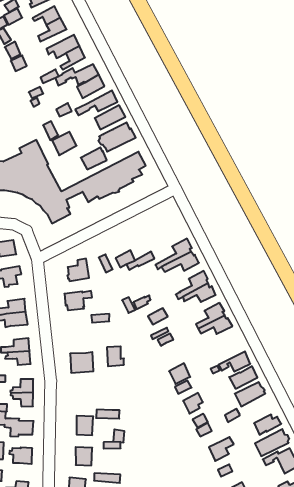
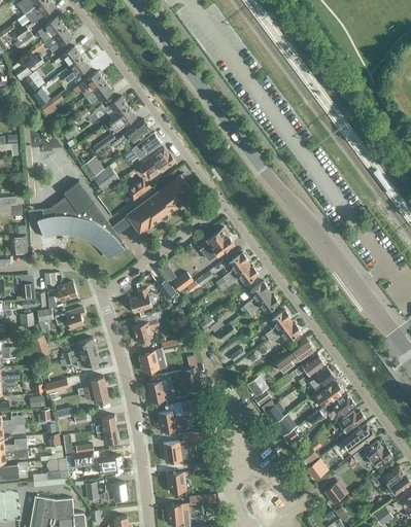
building: none -> [198,227,234,260]
building: none -> [139,349,165,373]
building: none -> [274,339,315,374]
building: none -> [158,400,197,436]
building: none -> [324,393,354,419]

